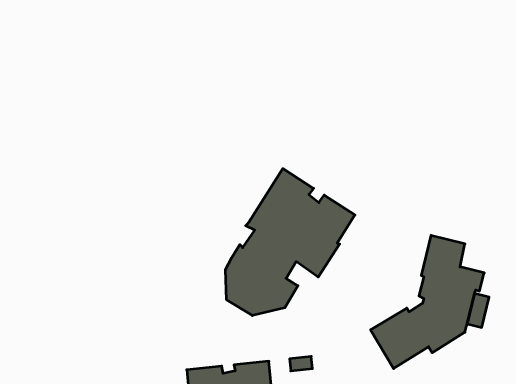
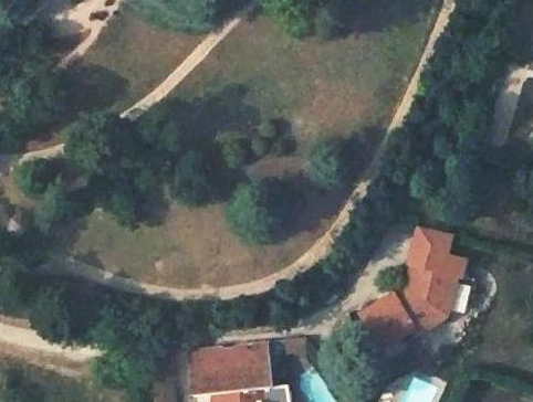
building: [226,169,355,316] -> none

